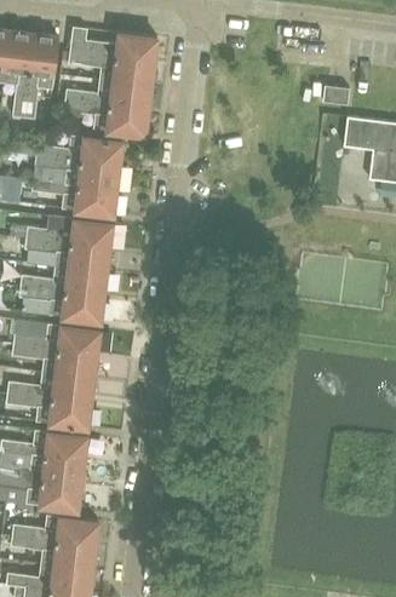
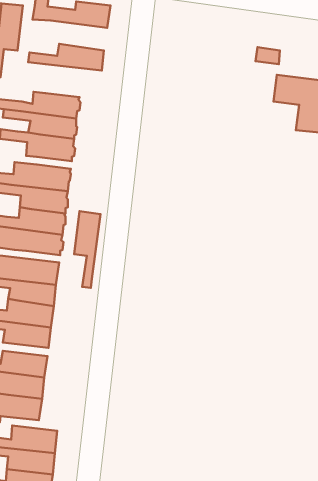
building: [88,54,154,88] -> none
building: [64,102,148,134] -> none
building: none -> [74,211,100,288]

